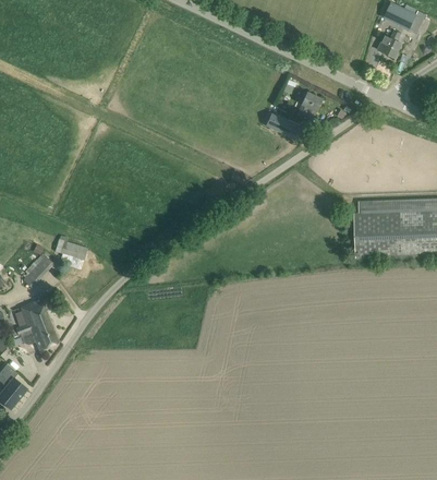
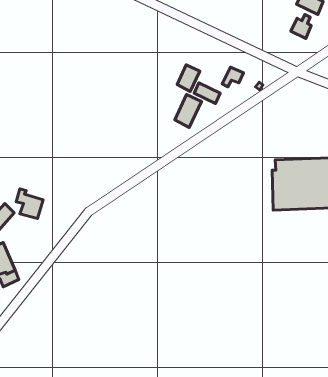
building: none -> [177,65,200,91]
building: none -> [175,94,202,127]

